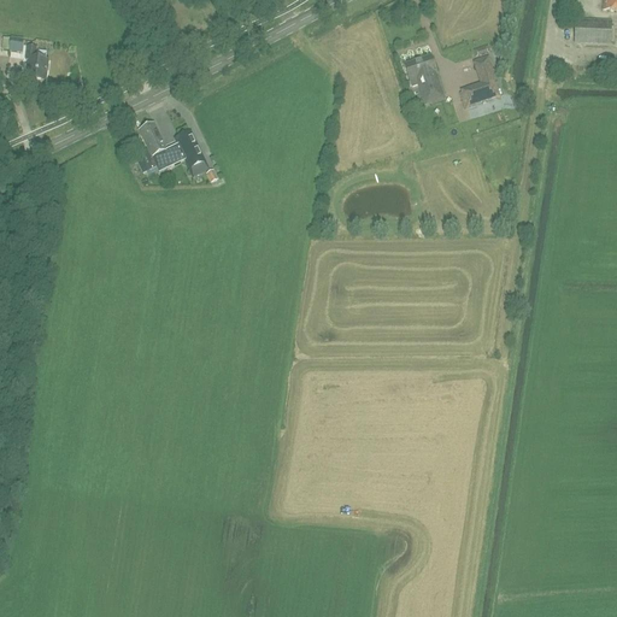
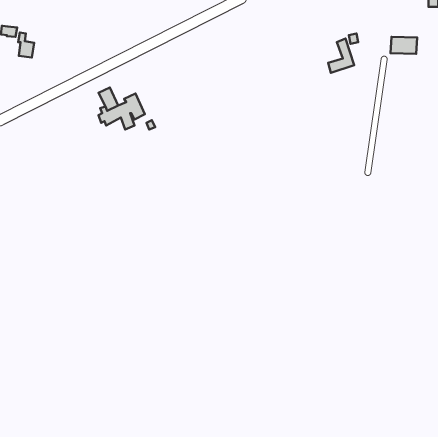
building: [574,19,611,43] -> [391,37,417,54]
building: [404,54,442,100] -> none

